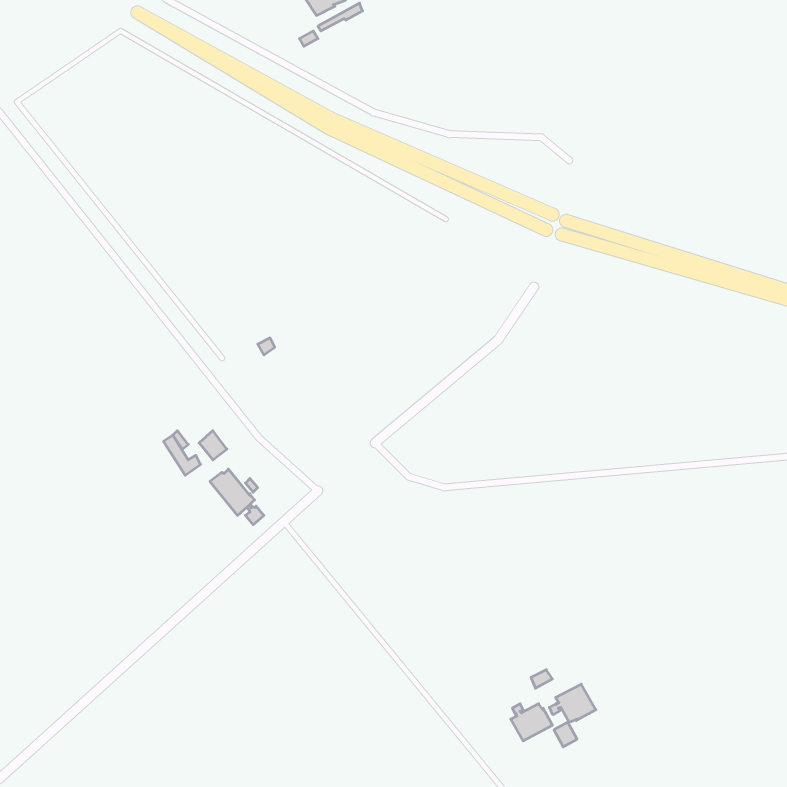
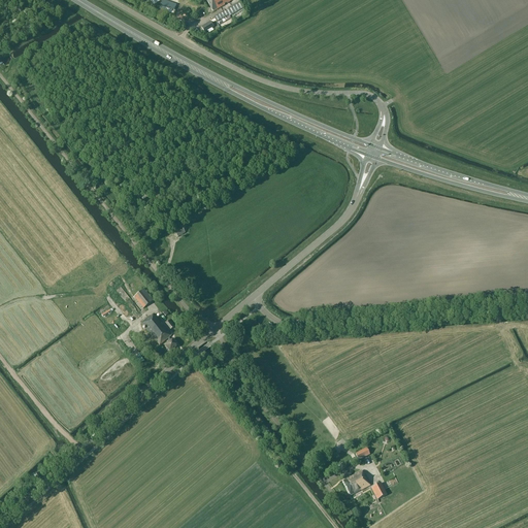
building: [549,684,596,723] -> none

